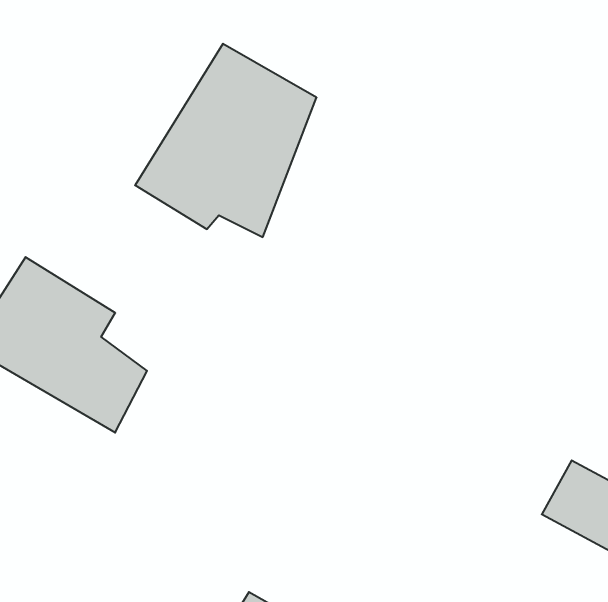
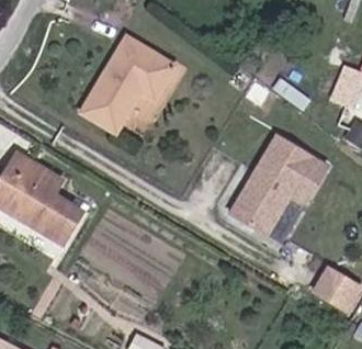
building: none -> [220,130,326,236]

